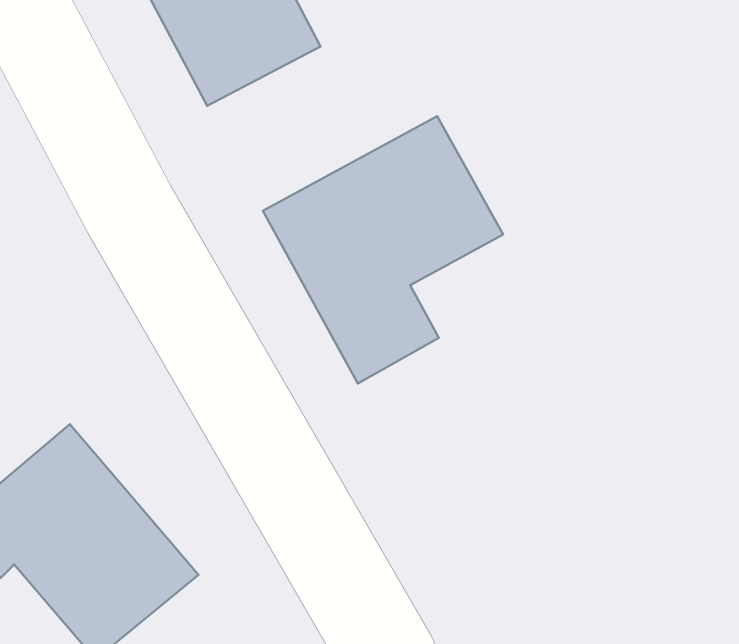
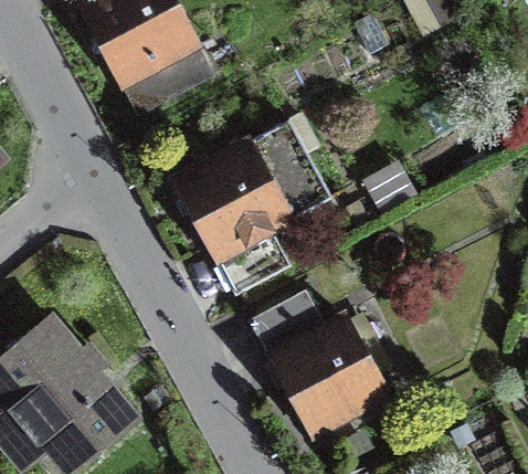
building: none -> [253,293,389,434]

